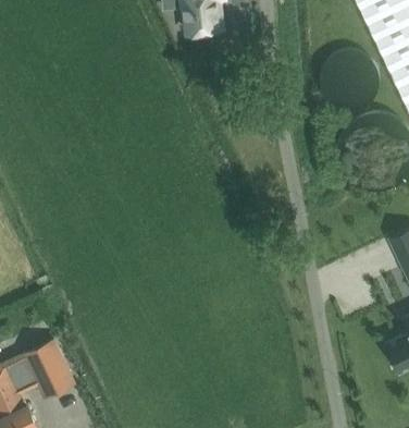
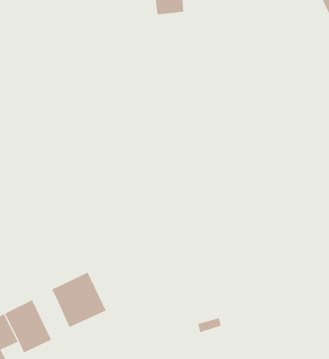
building: none -> [52,272,106,328]

